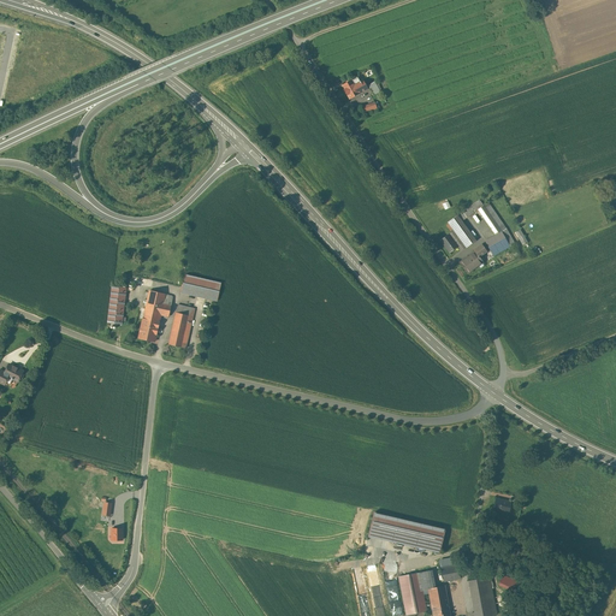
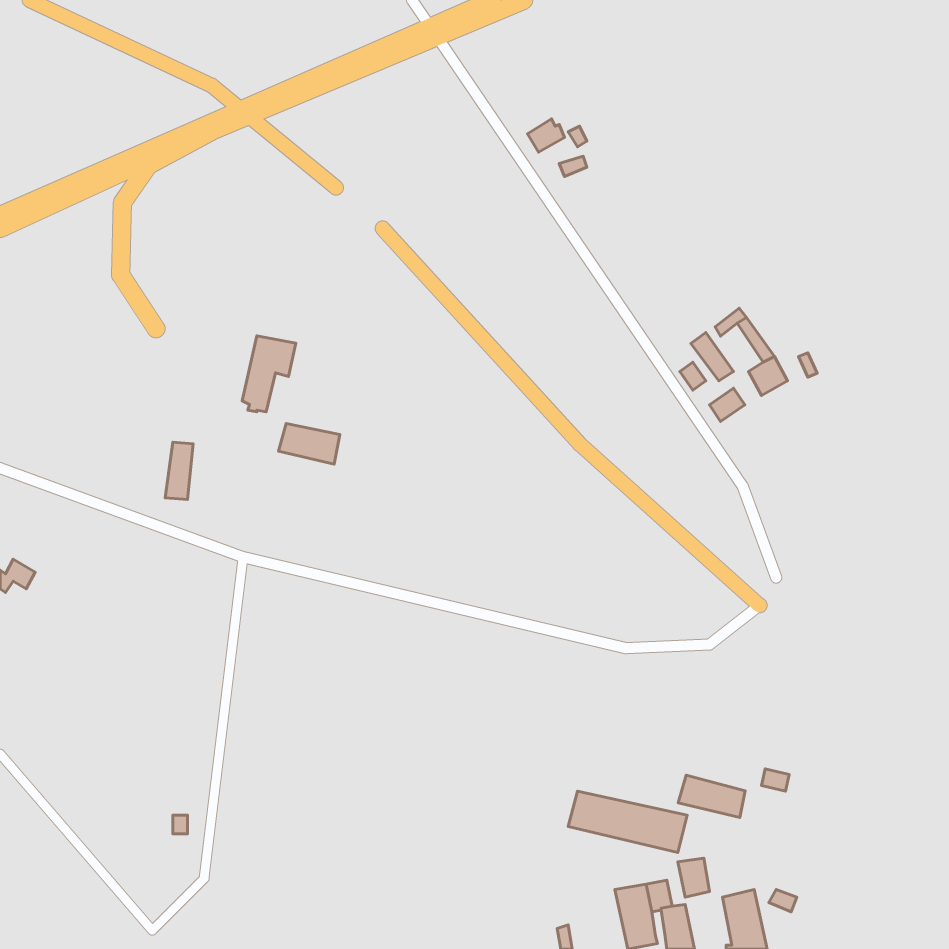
building: [138,290,173,339] -> [242,336,296,412]
building: [167,303,194,348] -> none
building: none -> [678,775,745,818]

